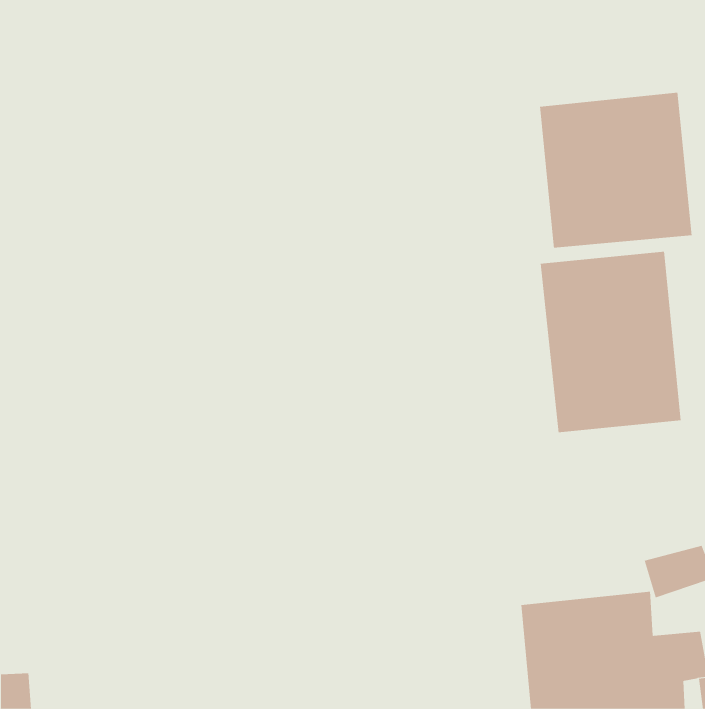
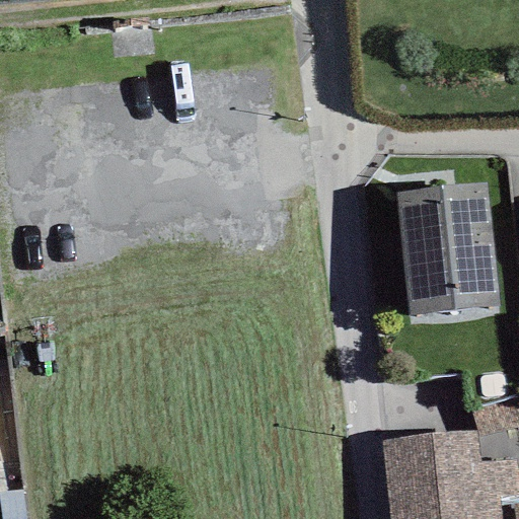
building: [539,92,692,248] -> none

